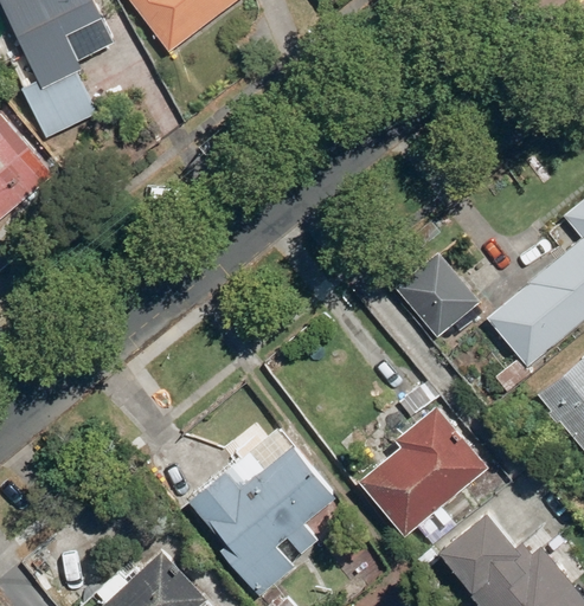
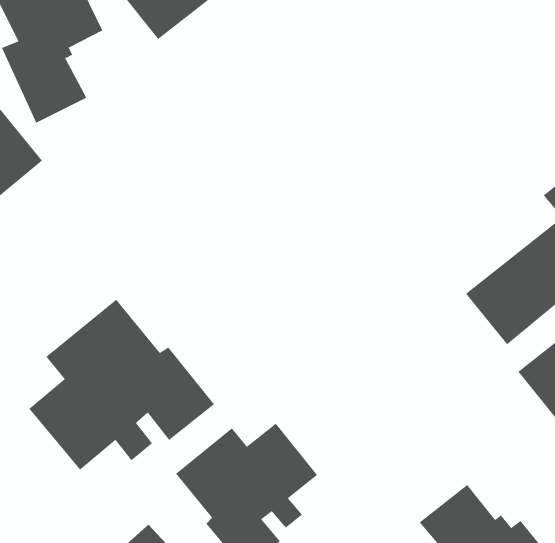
building: [394,251,481,339] -> none
building: none -> [29,299,215,470]
building: [358,404,488,536] -> none

